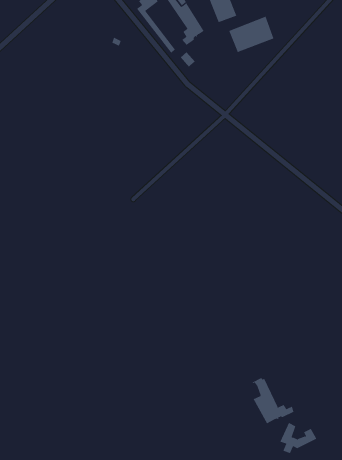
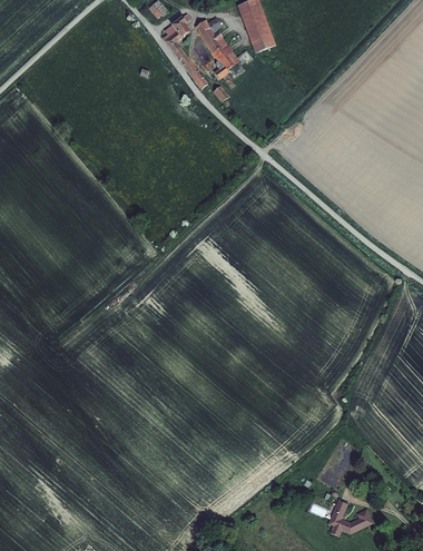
building: [228,16,274,53] -> none
building: [252,377,294,424] -> none

